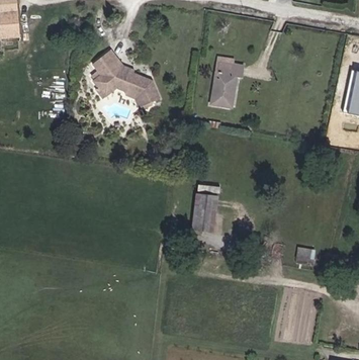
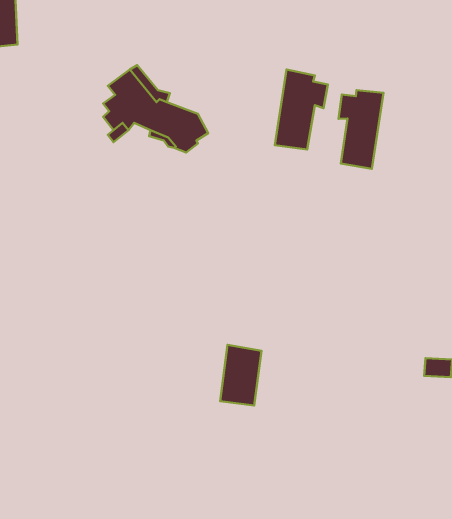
building: none -> [339,90,384,169]
building: [193,196,221,238] -> [220,345,262,406]

